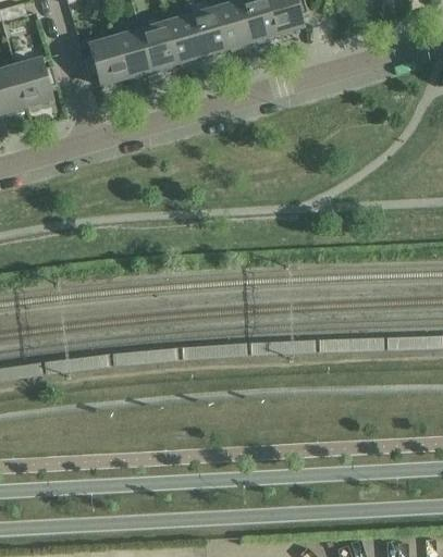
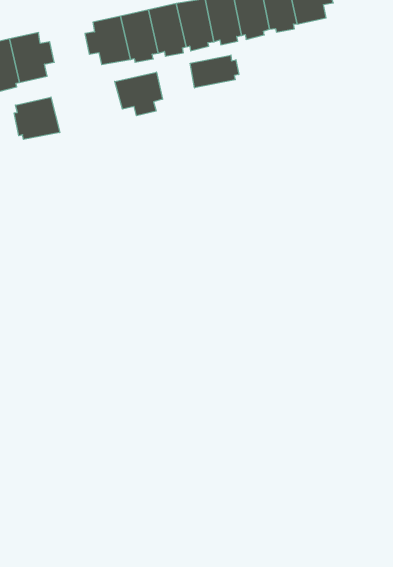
building: none -> [190,55,239,88]
building: none -> [115,72,163,116]
building: none -> [14,97,60,139]

